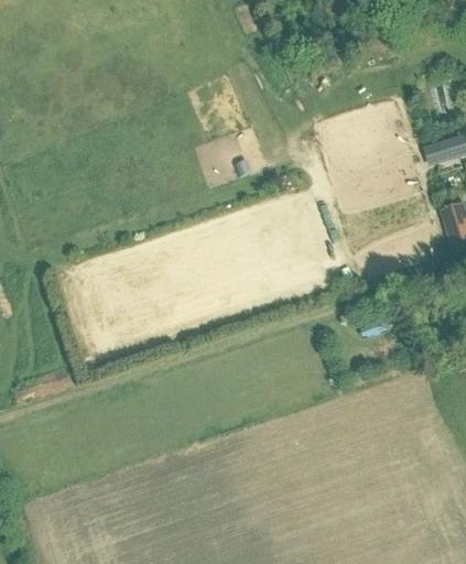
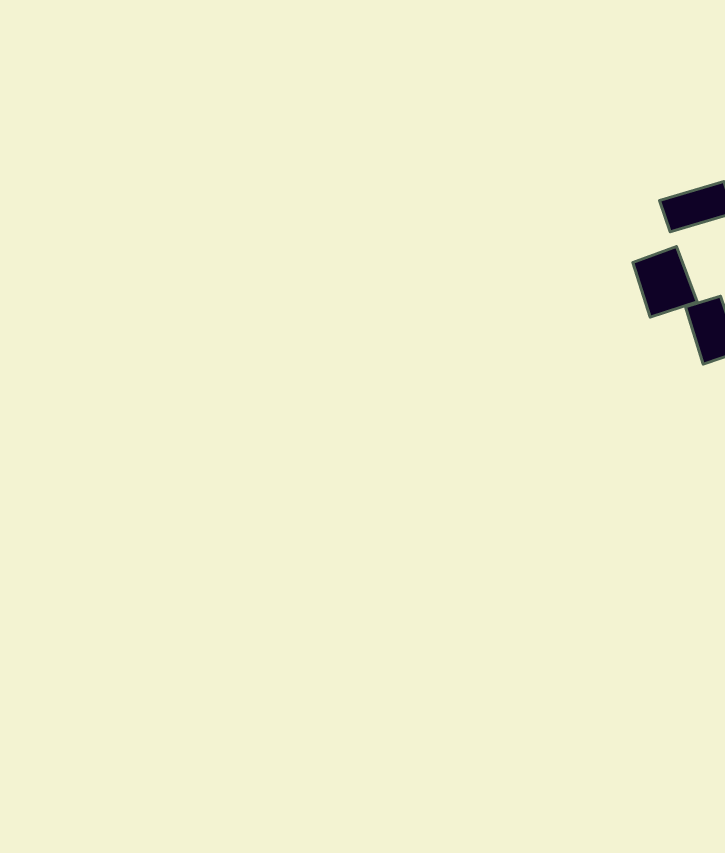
building: none -> [633,247,697,317]

